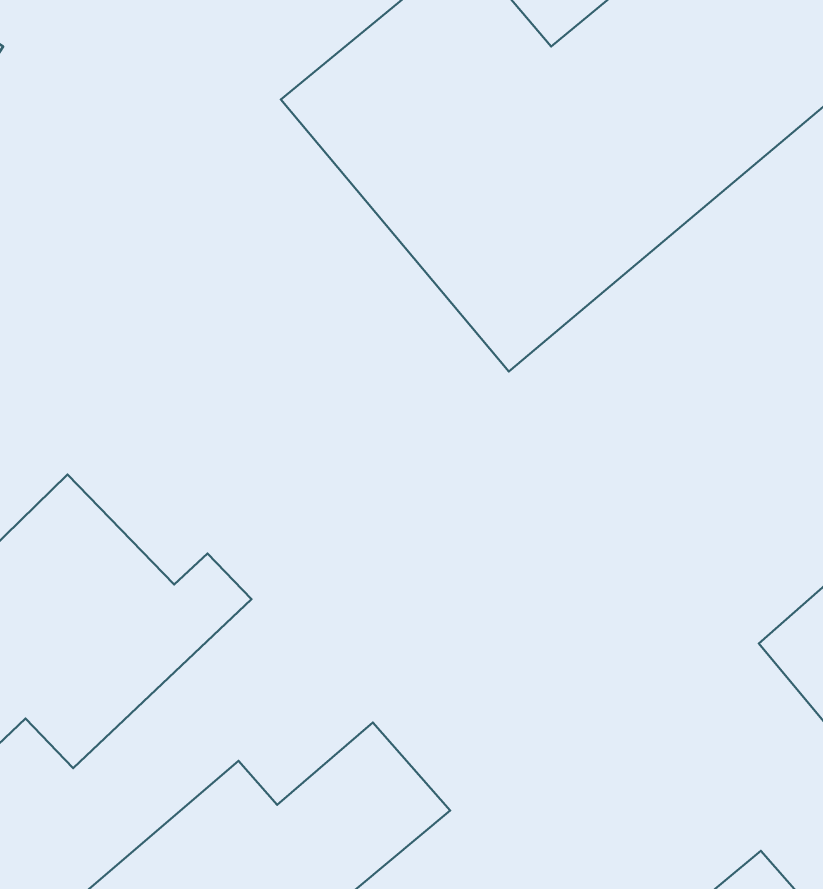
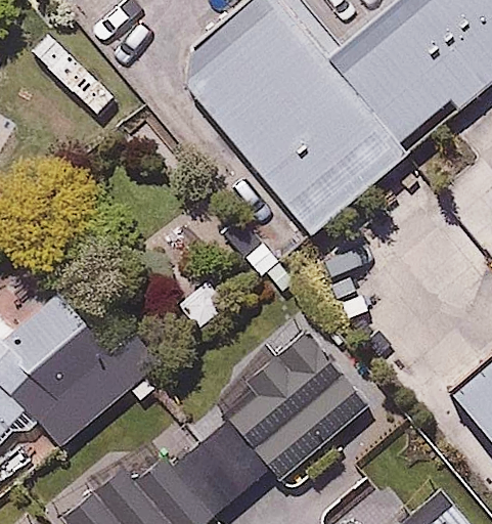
building: none -> [227,324,376,489]

